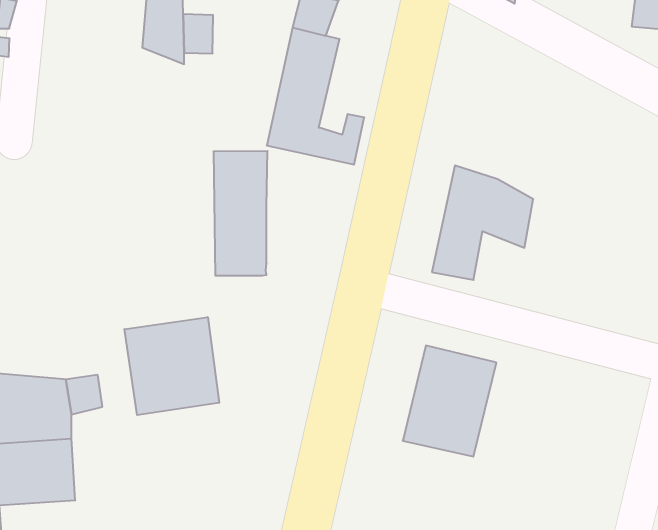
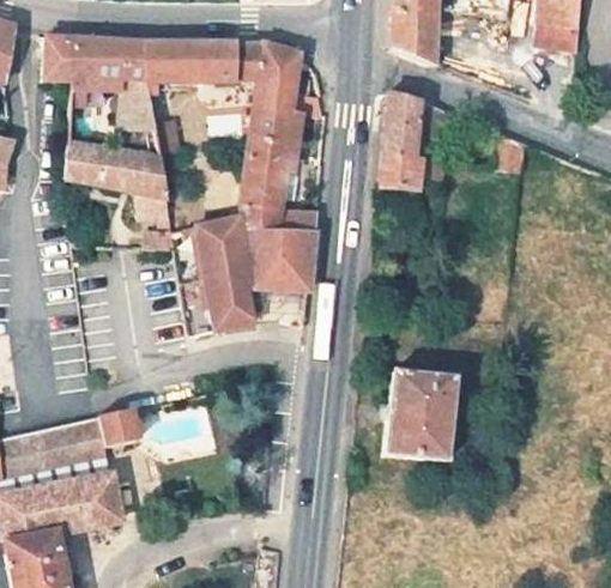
building: none -> [79,134,171,214]
building: none -> [241,213,316,322]
building: [432,165,533,280] -> [379,86,456,181]
building: [124,317,219,415] -> none

